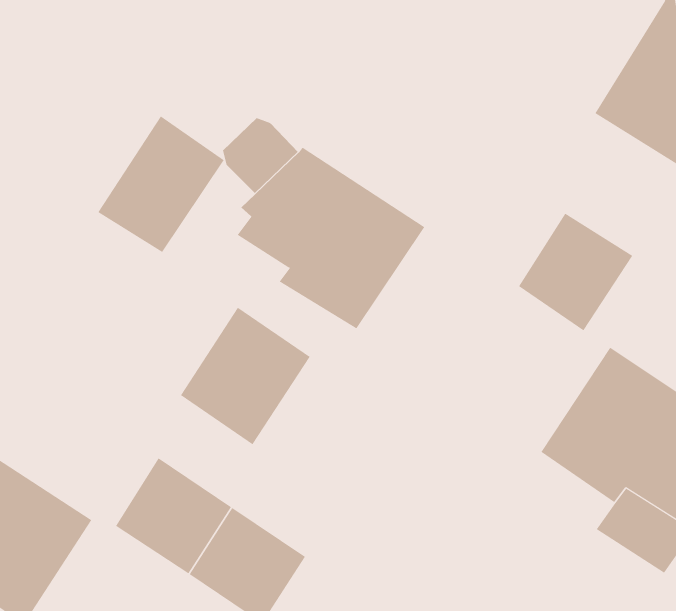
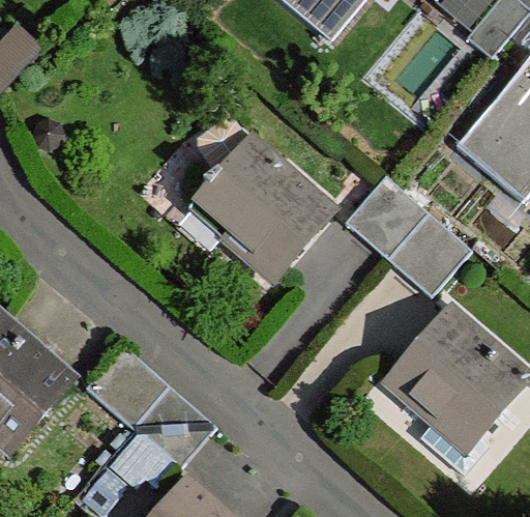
building: [97,115,225,253] -> none
building: none -> [346,176,430,260]
building: [180,307,310,445] -> none

